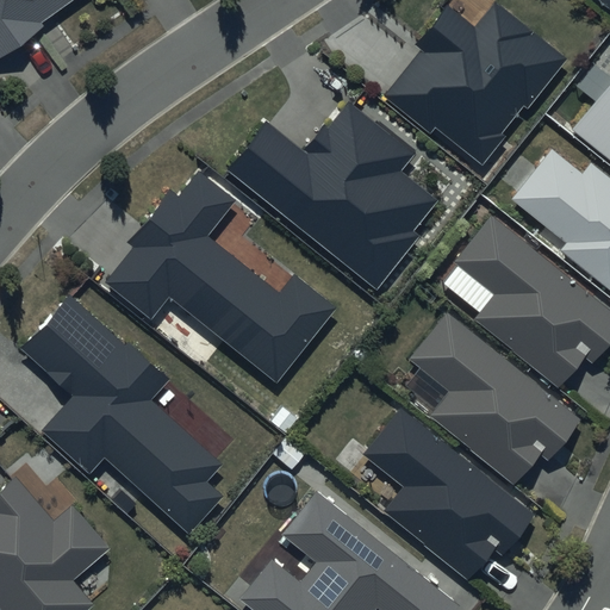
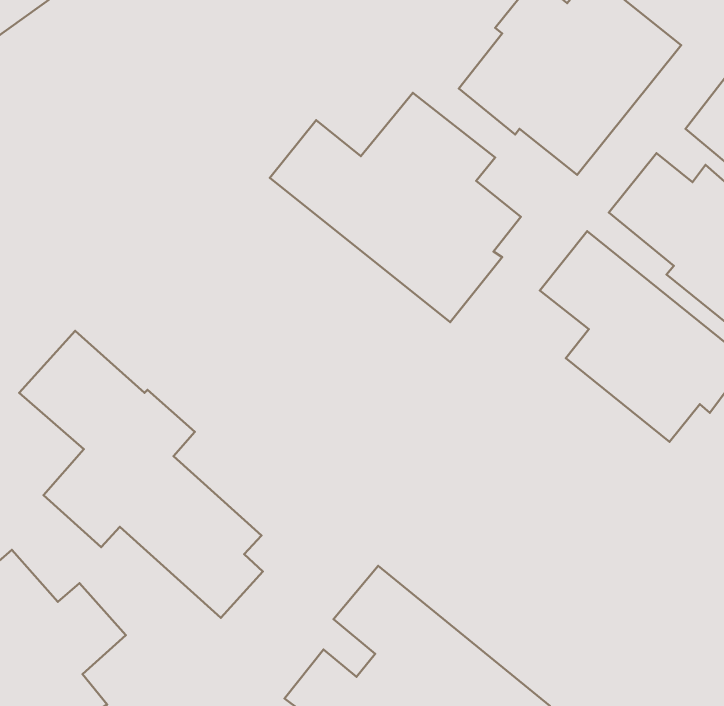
building: [107,170,338,382] -> none
building: [411,313,583,483] -> none
building: [363,406,536,580] -> none

